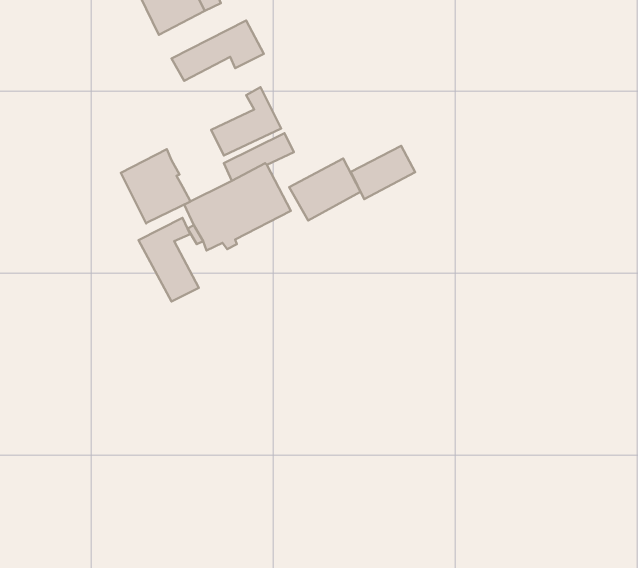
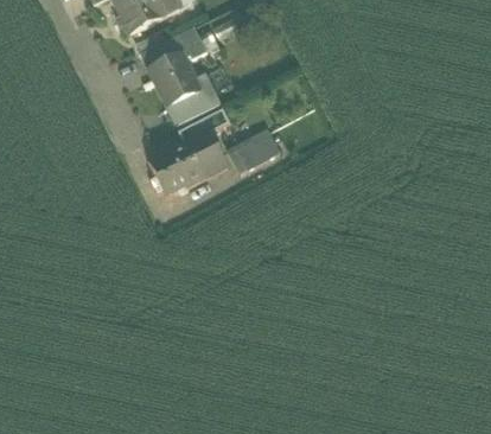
building: [351,146,415,199] -> none
building: [121,149,191,224] -> [148,50,200,106]
building: [139,218,199,302] -> none

